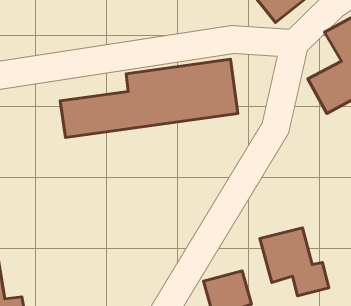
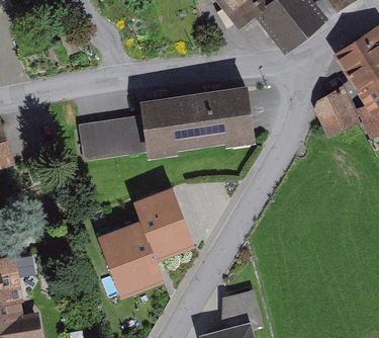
building: none -> [99,183,194,295]
building: [260,228,329,296] -> none

